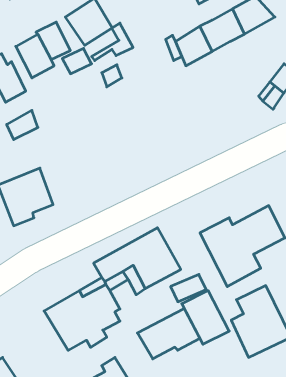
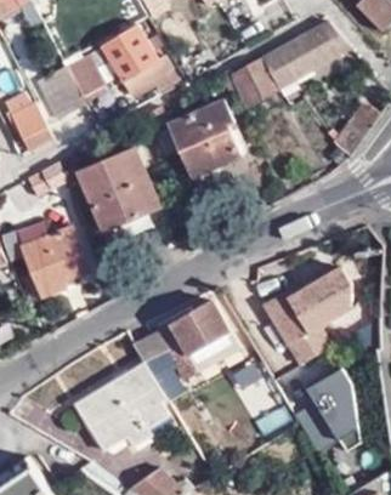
building: none -> [170,102,238,171]
building: none -> [76,148,157,229]
building: [137,308,200,359] -> none

